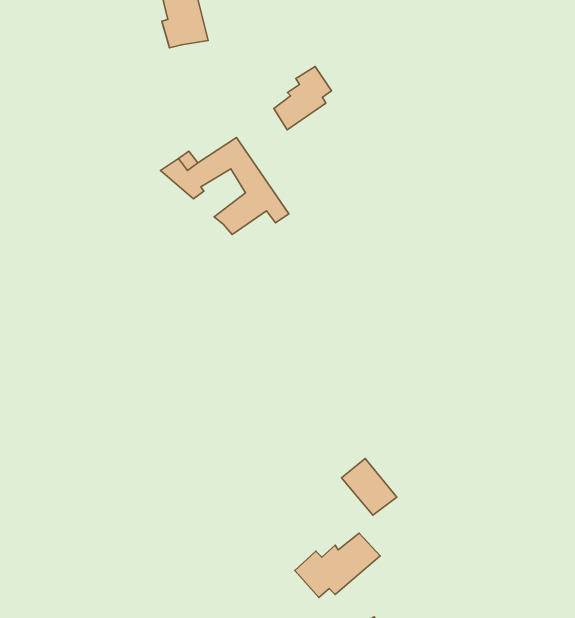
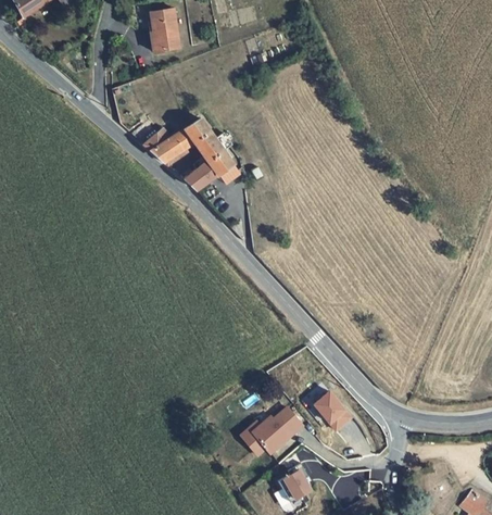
building: [274,66,331,130] -> none
building: [341,458,397,515] -> [313,390,353,431]

